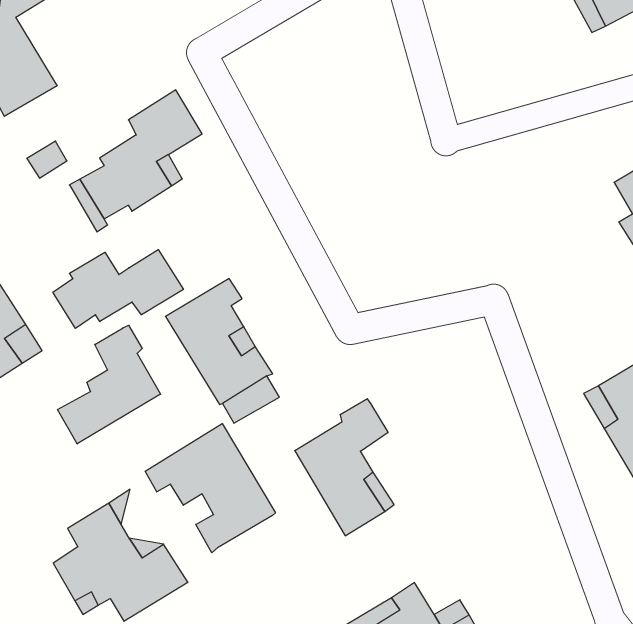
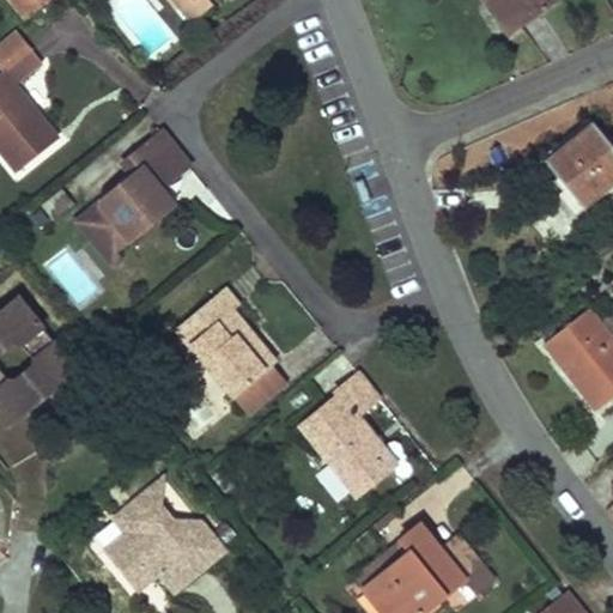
building: [53,250,183,328] -> none
building: [58,325,161,444] -> none
building: [145,424,275,553] -> none

